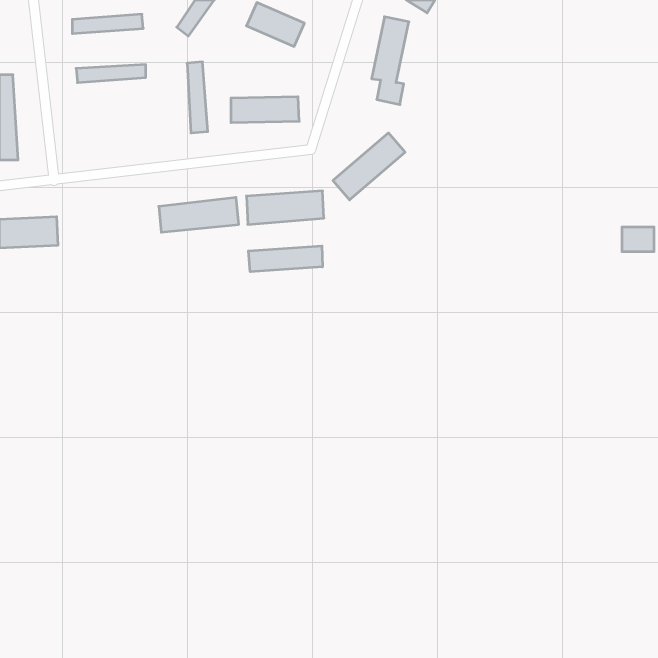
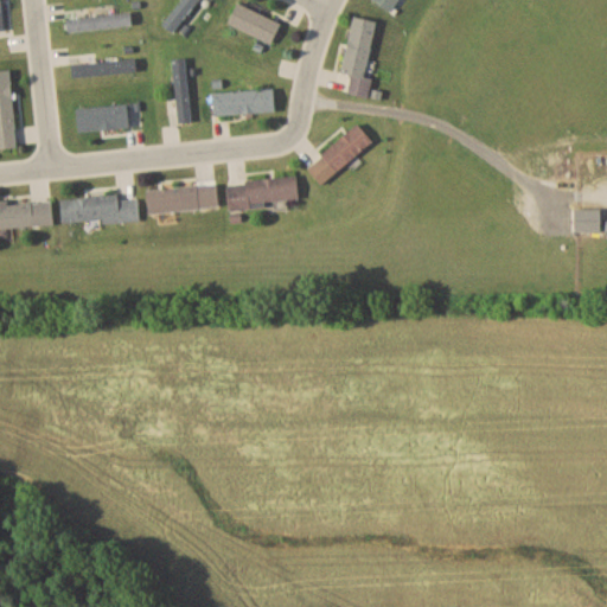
building: none -> [76,103,141,132]
building: none -> [60,196,139,225]
building: [248,246,322,272] -> none

